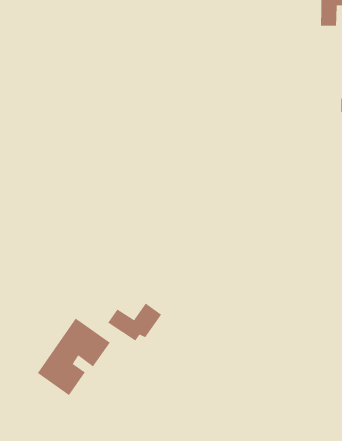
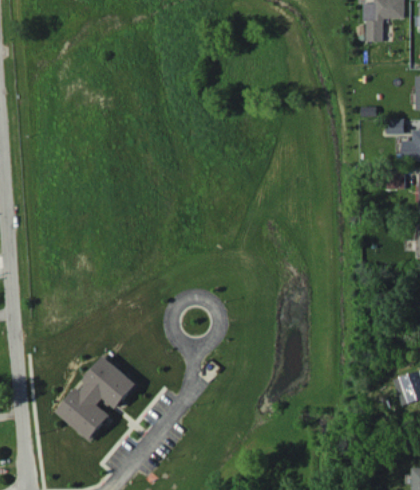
building: [107,303,162,342] -> none

